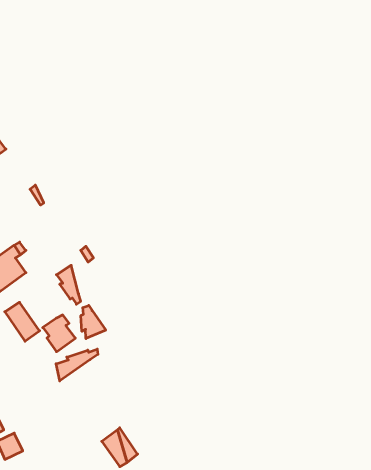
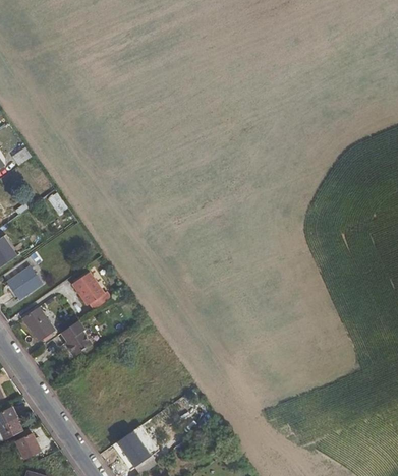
building: [81,305,106,339] -> none
building: [56,349,98,381] -> none

